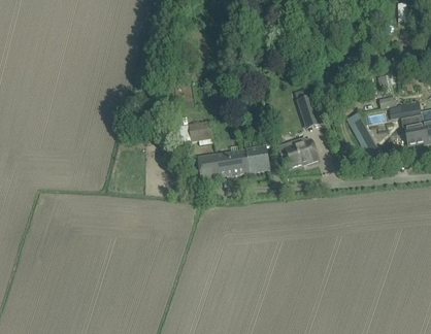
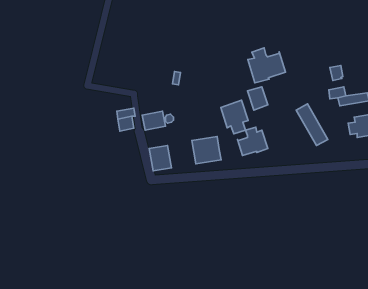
building: none -> [248,48,286,83]
building: none -> [221,100,248,134]
building: [216,148,244,176] -> none

